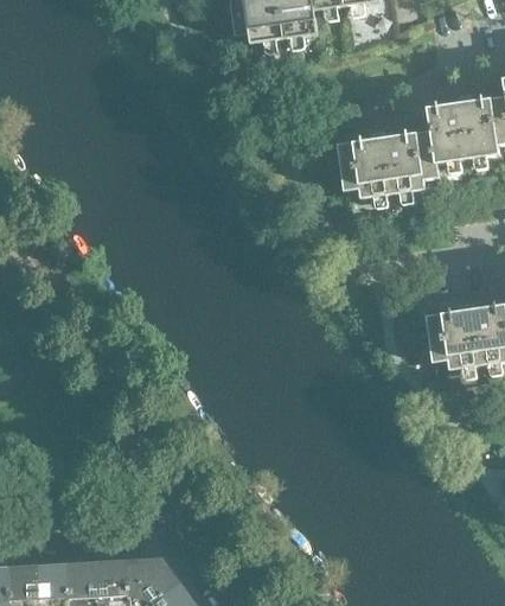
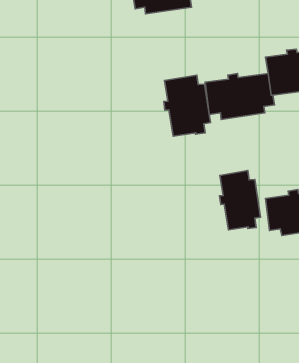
building: none -> [164,75,210,136]
building: none -> [220,171,261,230]

